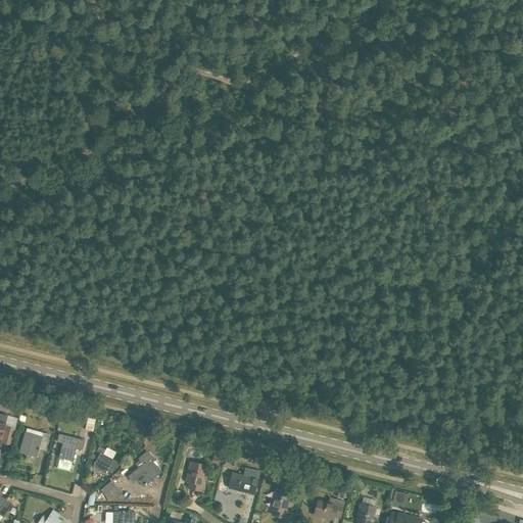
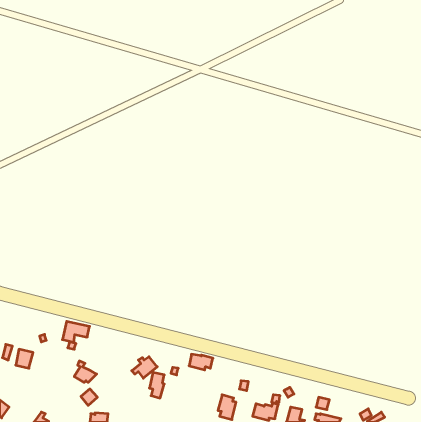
building: [58,435,92,461] -> [62,321,90,342]
building: [128,459,159,485] -> [132,357,157,378]
building: [228,473,257,492] -> [189,354,213,370]

